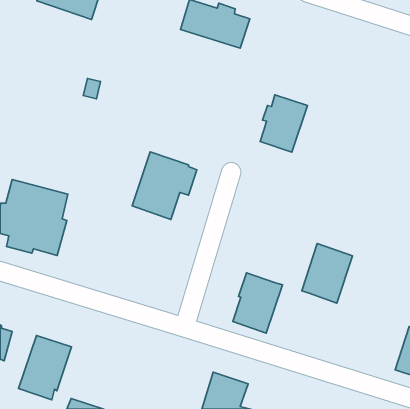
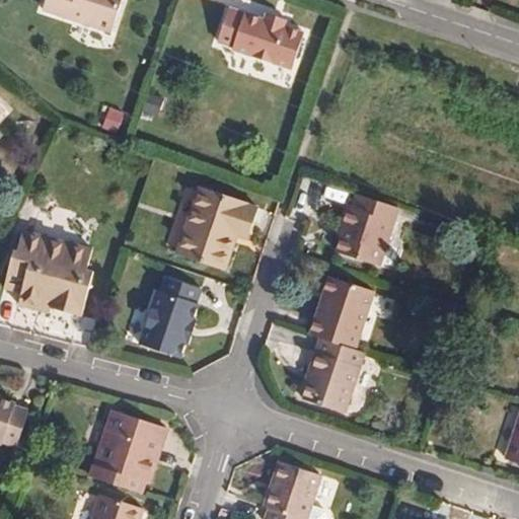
building: [260,95,307,152] -> [328,195,387,266]
building: none -> [139,279,200,361]
building: [302,243,352,303] -> [306,277,369,351]
building: [18,335,72,400] -> [101,416,167,496]

